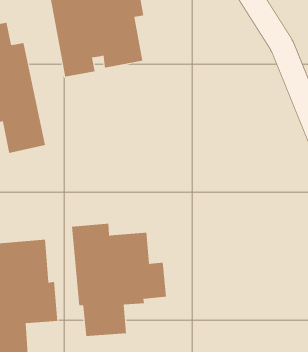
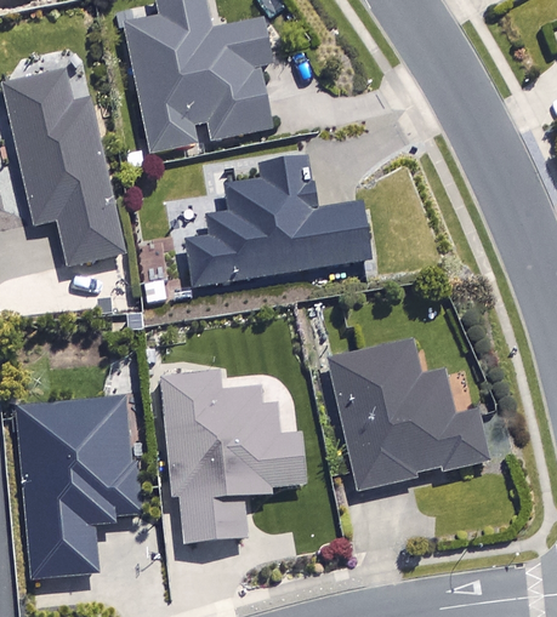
building: none -> [184,155,369,287]
building: none -> [326,337,487,490]

